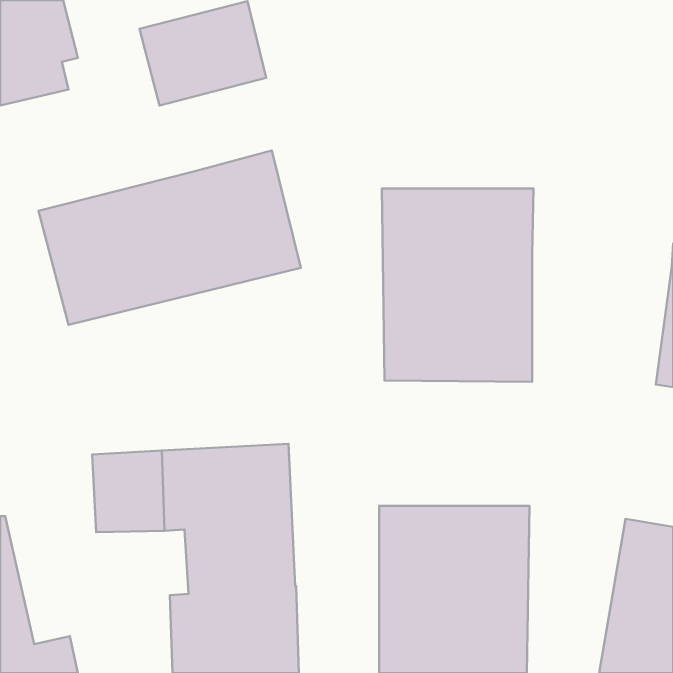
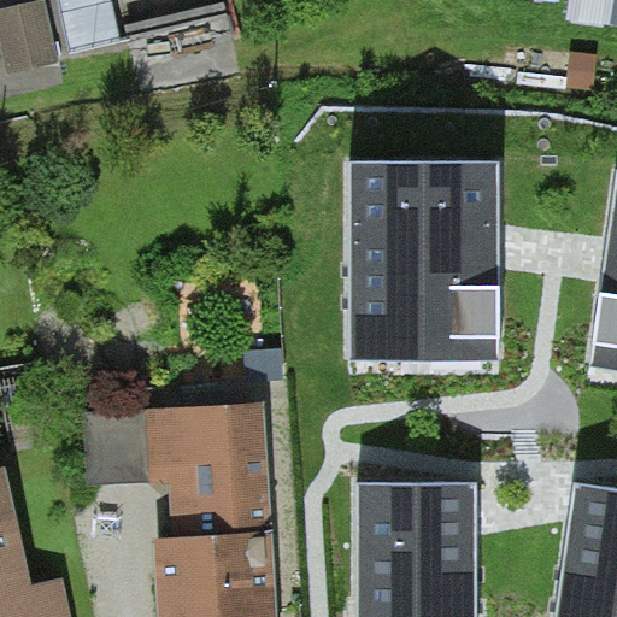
building: [39,151,301,325] -> none

